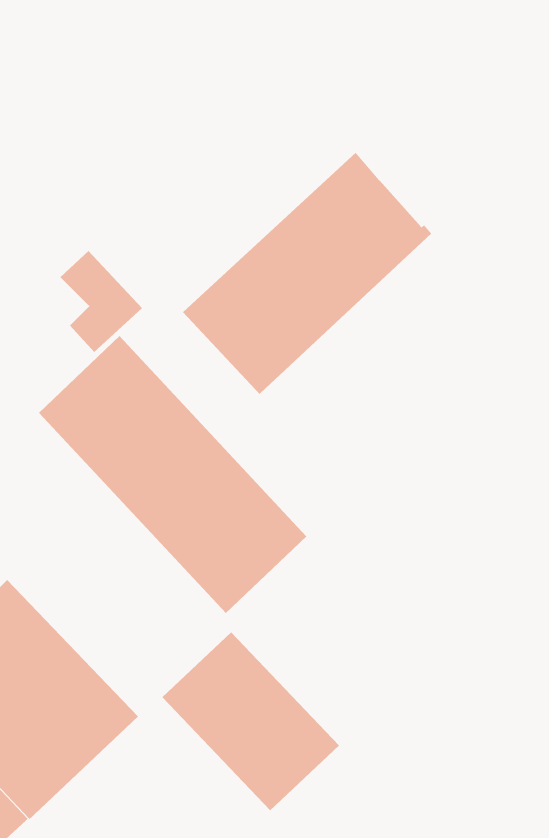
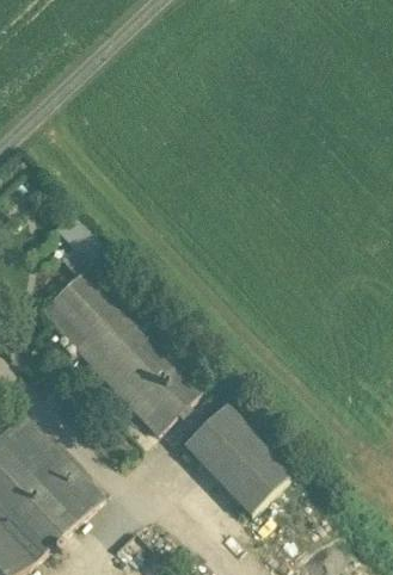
building: [182,152,432,396] -> none
building: [162,631,340,811] -> [183,404,293,515]

